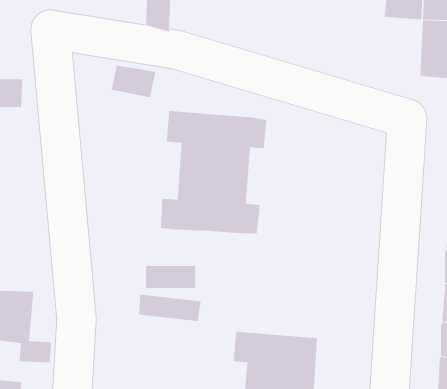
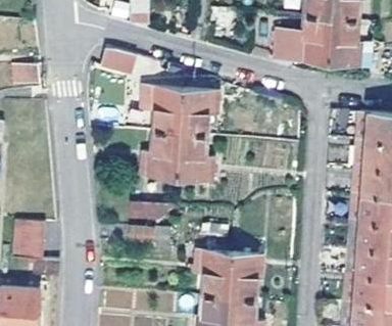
building: none -> [281,18,336,62]

